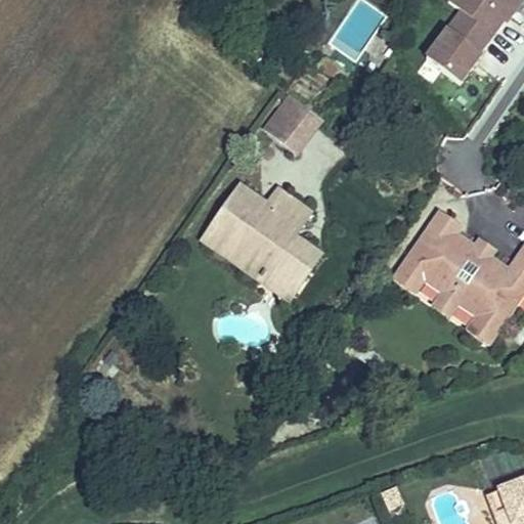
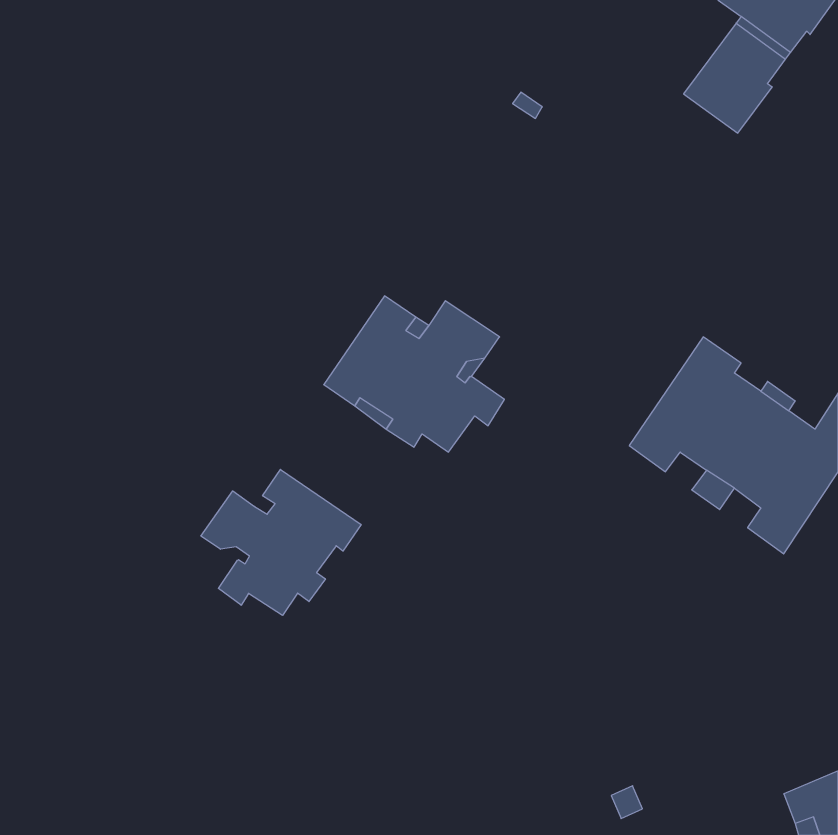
building: [265,95,321,151] -> none
building: [258,249,319,299] -> none
building: none -> [201,469,361,615]

